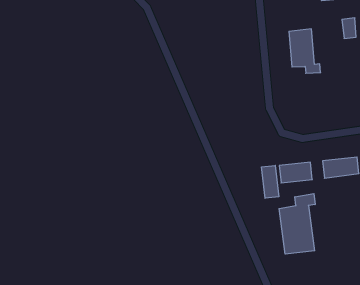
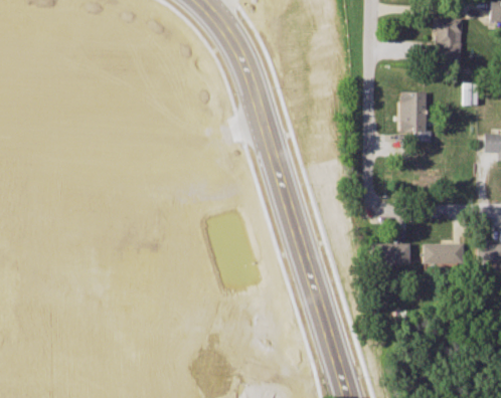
building: [262,165,279,198] -> none
building: [279,194,315,254] -> none

